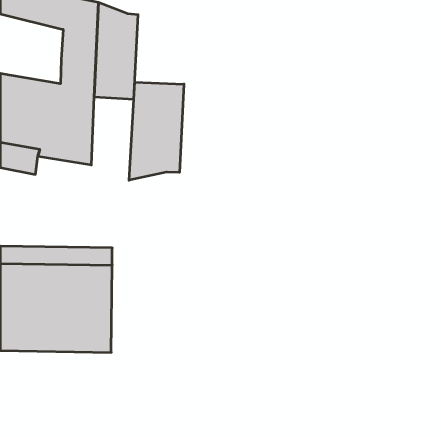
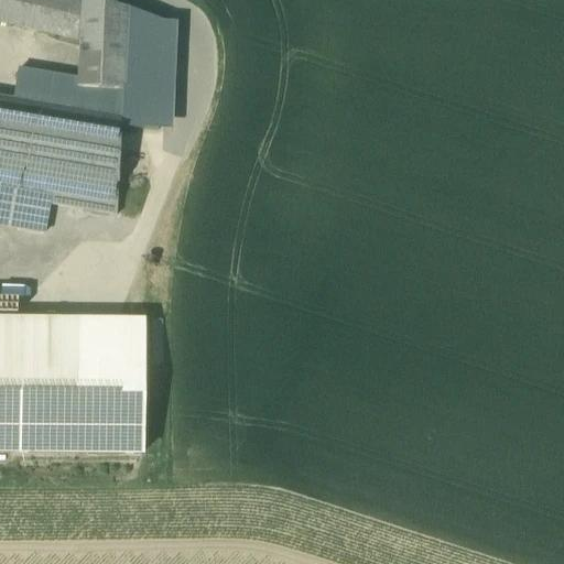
building: none -> [12,66,78,107]
building: [129,82,184,180] -> none

